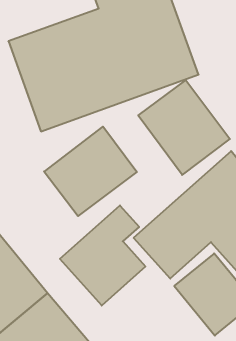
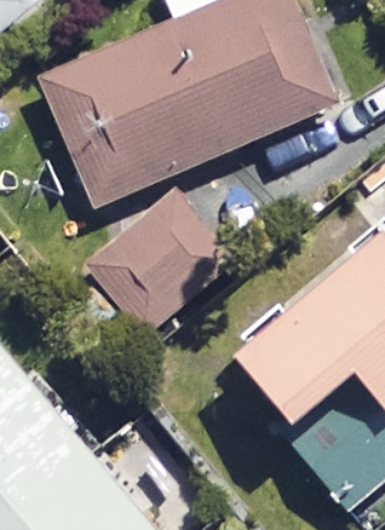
building: [138,80,230,175] -> none
building: [60,205,145,306] -> none

